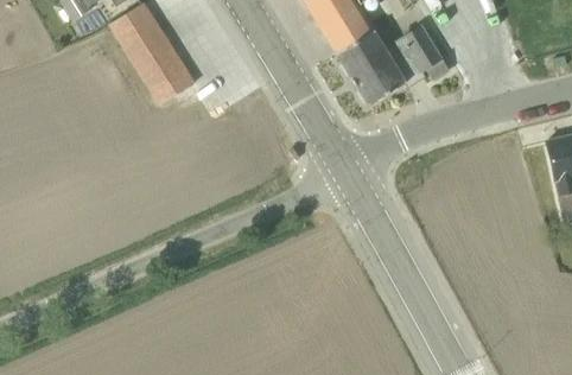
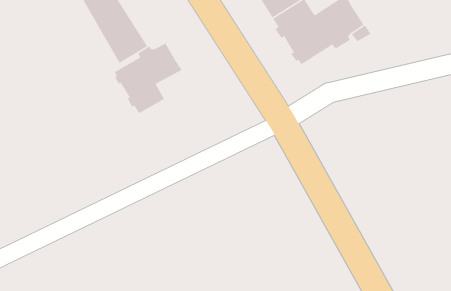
building: none -> [114,42,183,114]

